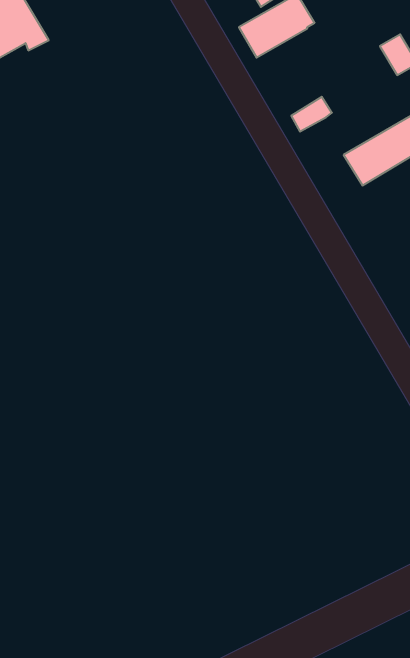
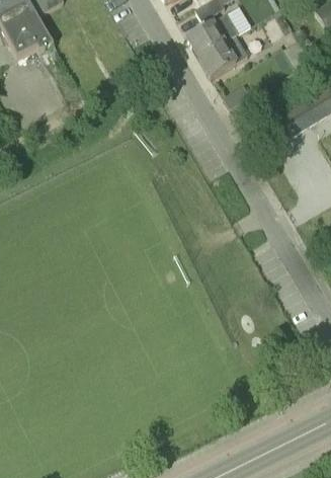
building: none -> [198,36,246,77]

